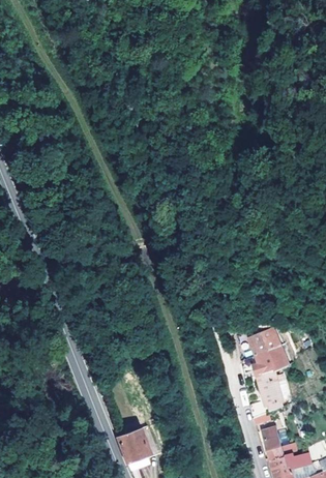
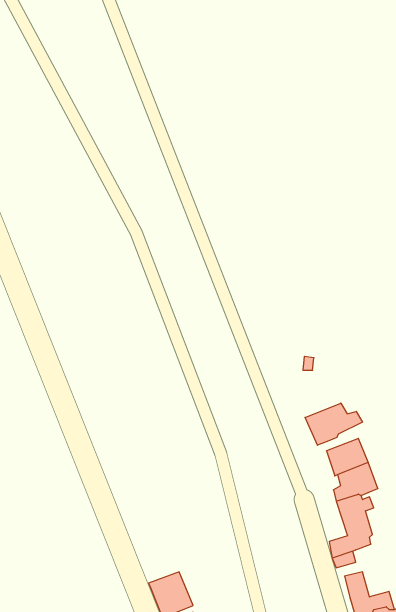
building: none -> [305,403,363,445]

